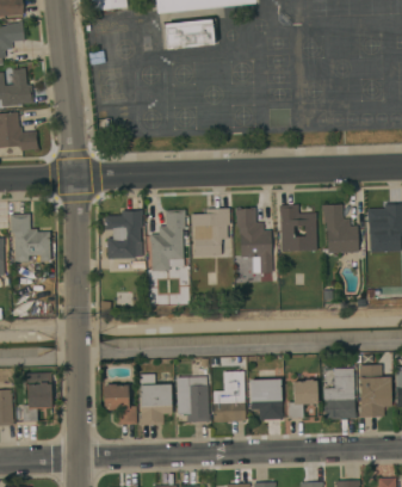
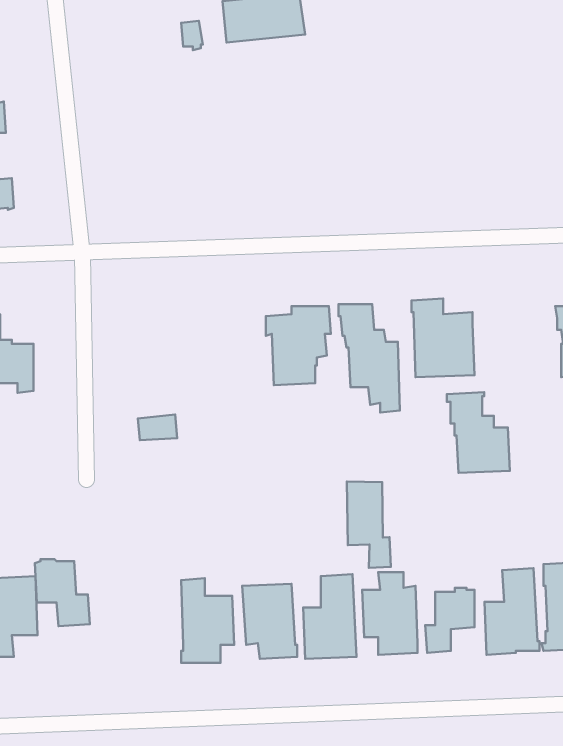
building: [321,204,359,253] -> [447,392,510,473]
building: [104,210,143,259] -> none
building: [149,210,185,271] -> none
building: none -> [347,481,391,568]
building: [104,384,137,425] -> [35,559,90,626]

